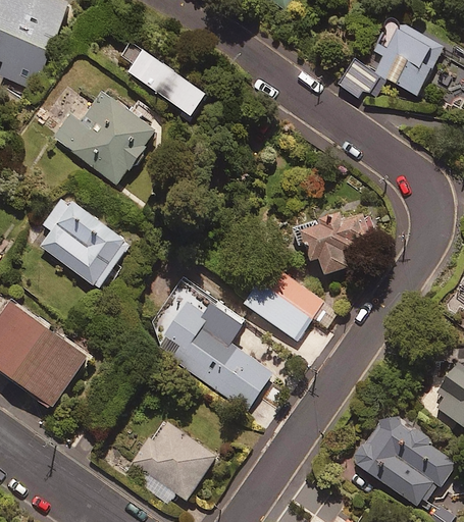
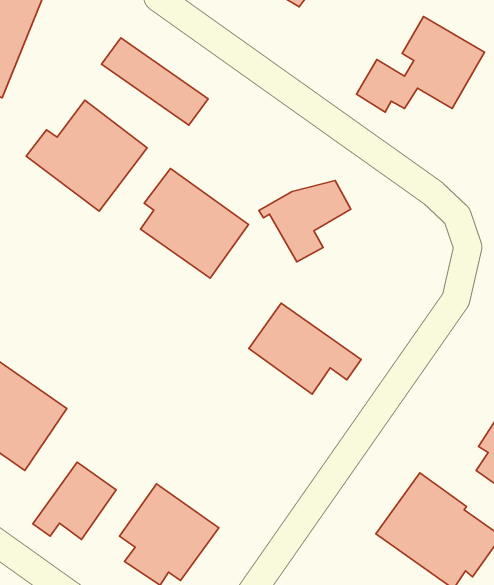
building: [39,196,131,290] -> [141,168,248,278]
building: [295,206,373,275] -> [259,181,351,262]
building: [148,285,272,413] -> none
building: none -> [33,462,116,539]

